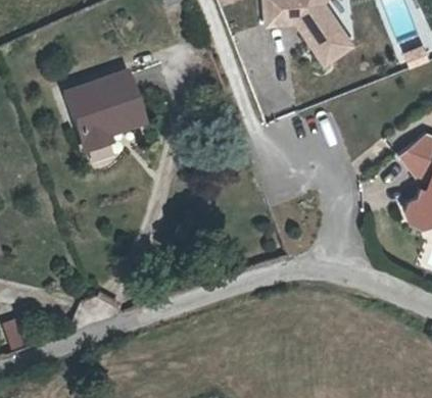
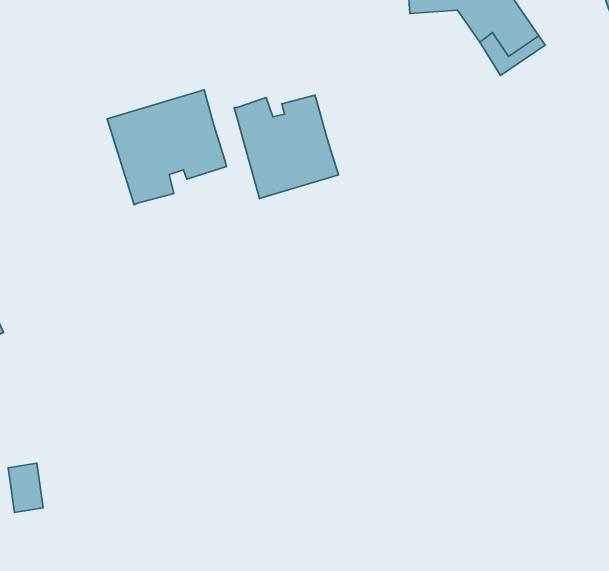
building: none -> [234,95,339,198]

